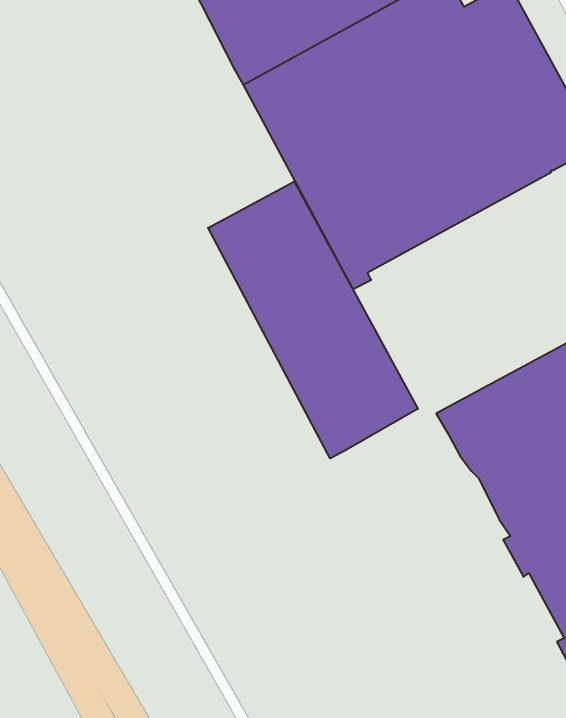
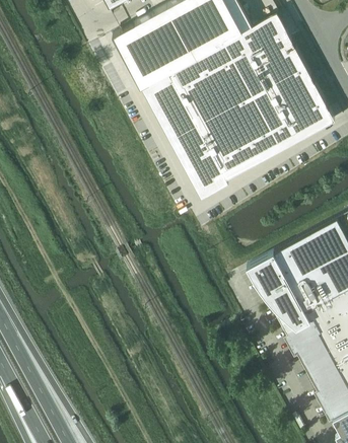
building: [208,181,418,458] -> none

